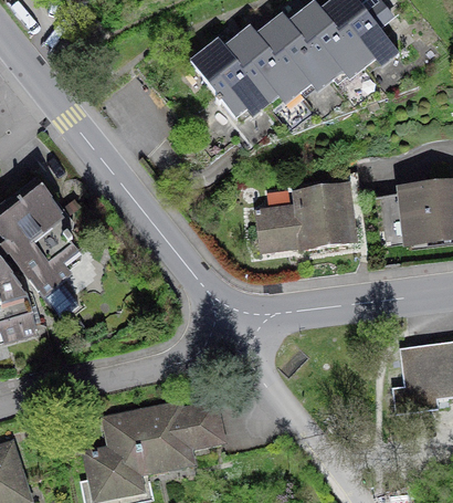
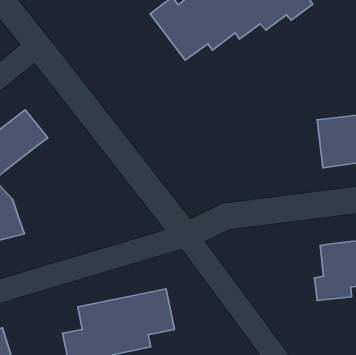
building: [254,186,357,258] -> none
building: [13,220,87,295] -> none

